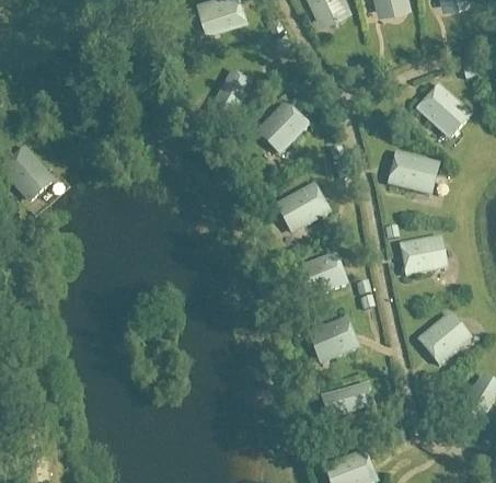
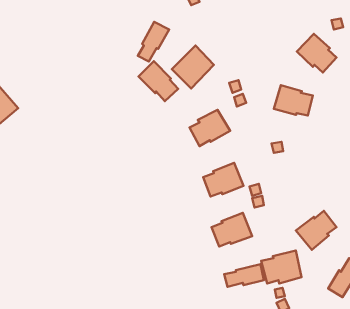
building: none -> [139,61,178,101]
building: [396,238,446,275] -> none
building: none -> [261,251,302,284]

